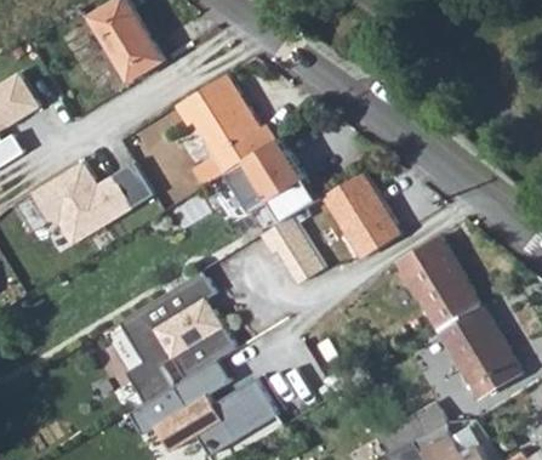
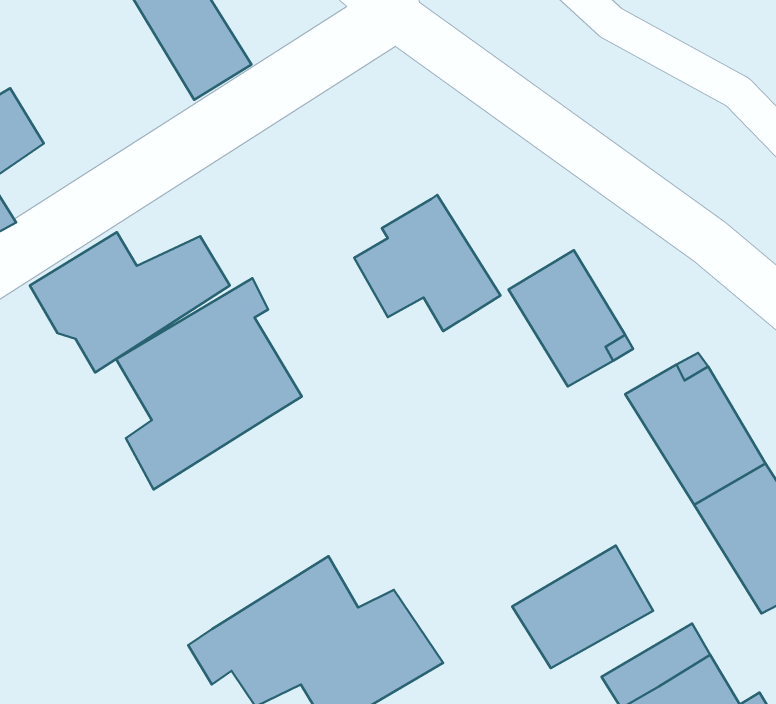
building: [176,74,275,171] -> none
building: [258,216,324,284] -> none
building: [118,276,232,405] -> [116,278,302,489]
building: none -> [512,546,653,668]

